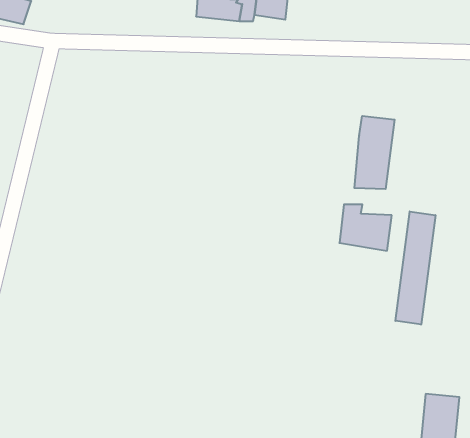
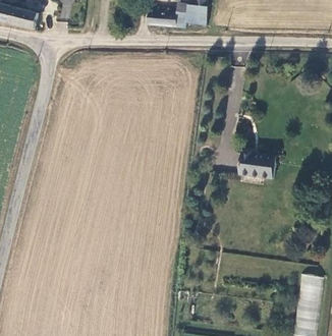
building: [354,116,395,189] -> none
building: [395,211,435,325] -> none

